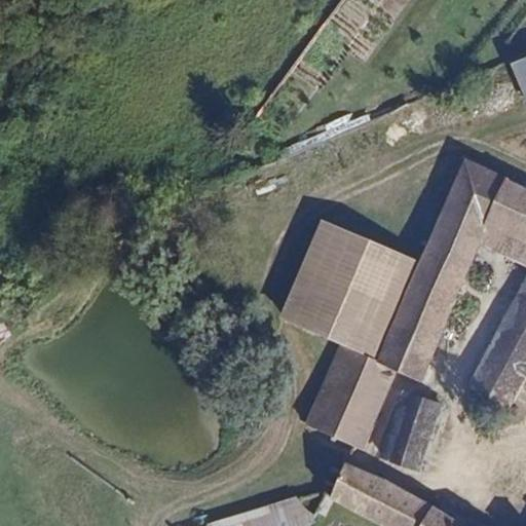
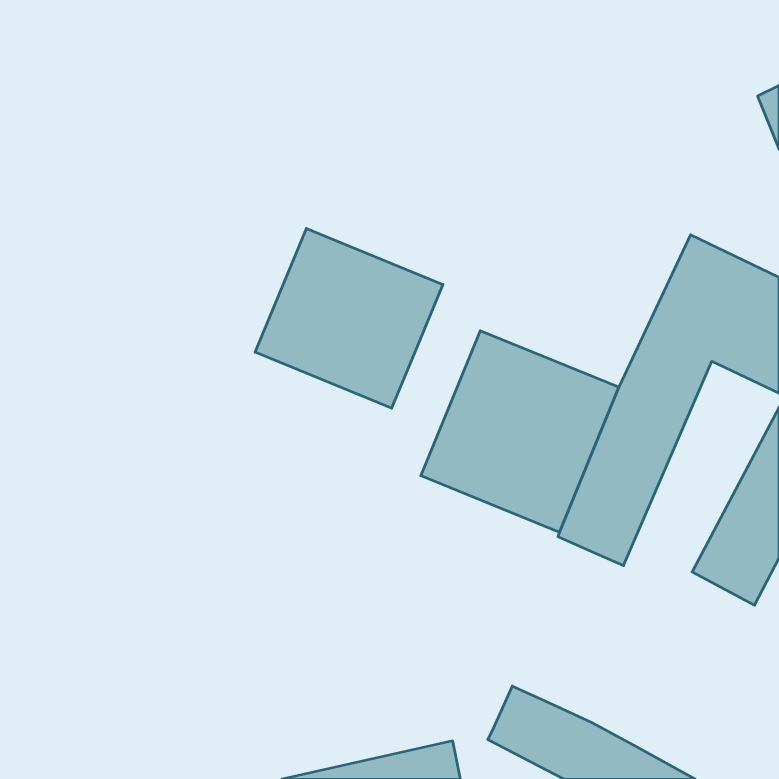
building: none -> [255,228,443,408]
building: [305,343,397,449] -> none
building: [378,389,445,474] -> none

